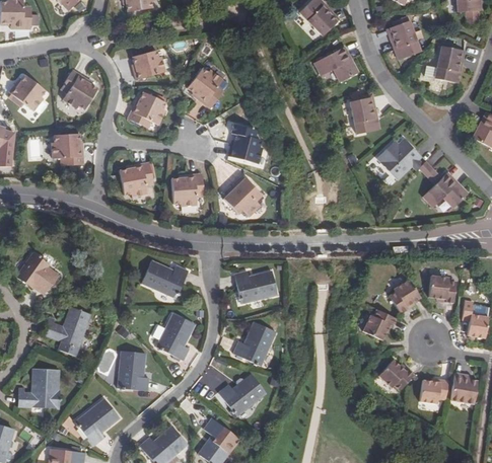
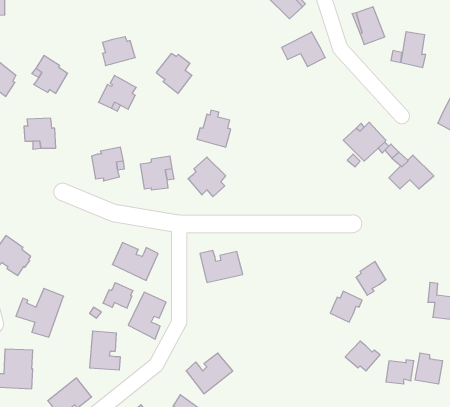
building: [348,96,378,133] -> none
building: [429,276,455,303] -> none
building: none -> [103,283,133,308]
building: [230,319,273,364] -> none

